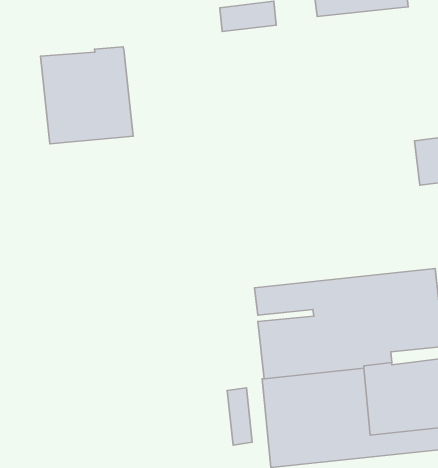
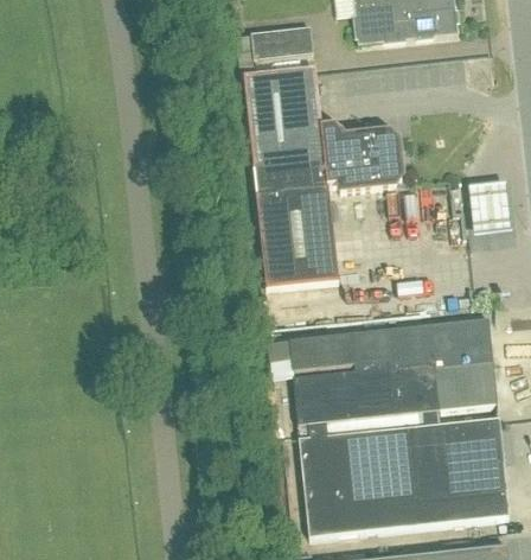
building: none -> [243,66,402,285]
building: [40,47,133,144] -> none
building: [227,388,252,445] -> none

